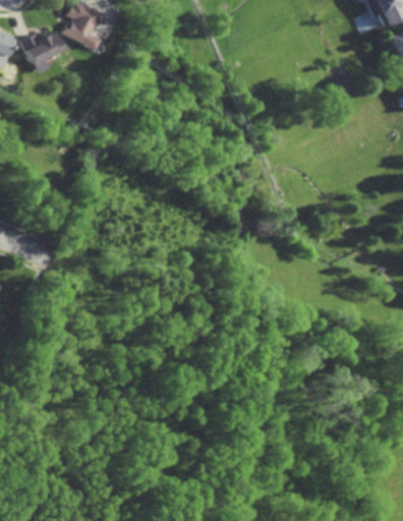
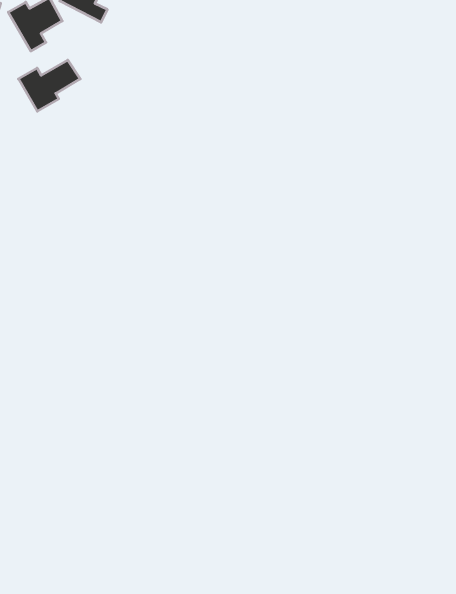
building: none -> [18,60,80,111]

